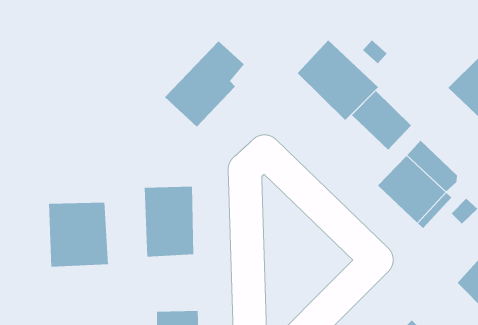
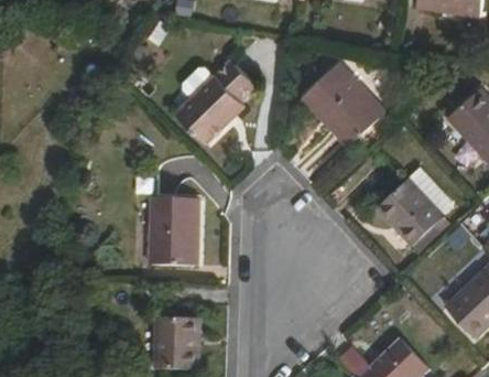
building: [351,90,412,151] -> none
building: [49,202,109,267] -> none

